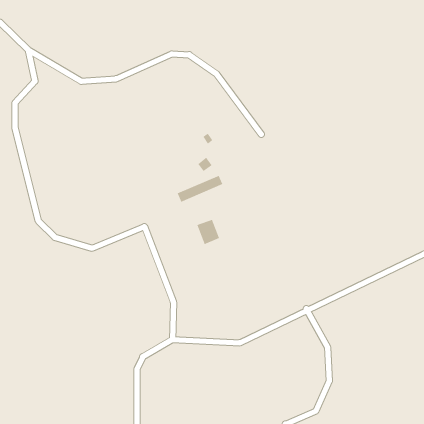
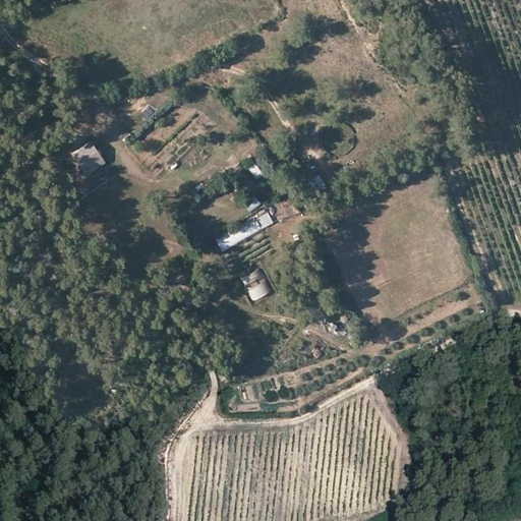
building: none -> [71,141,104,174]

